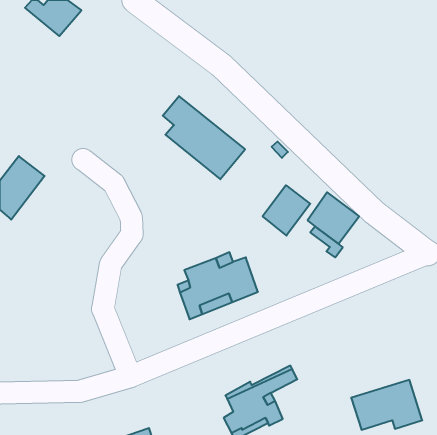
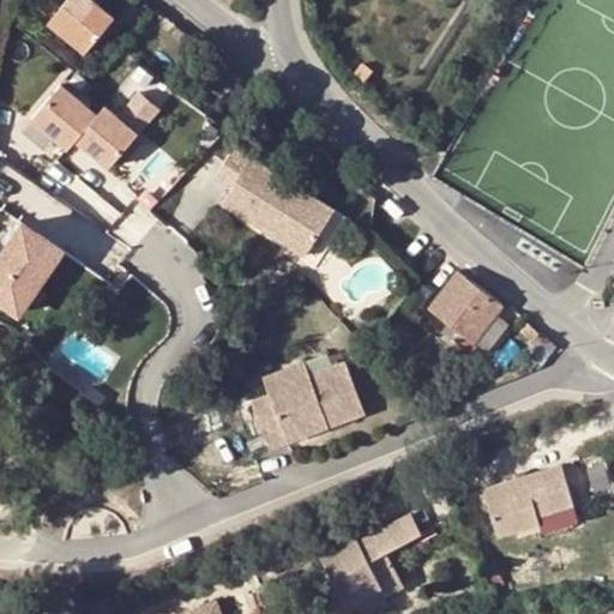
building: none -> [36,89,162,169]
building: [263,185,310,236] -> none
building: [351,380,422,430] -> [478,466,578,536]

